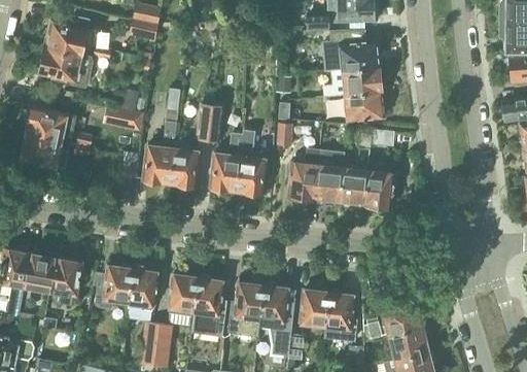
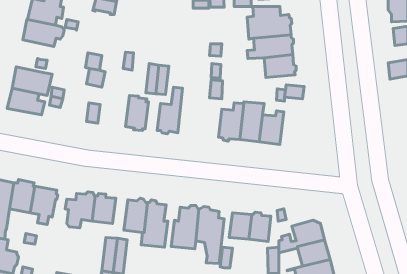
building: [145,122,177,182] -> none
building: [236,130,265,193] -> none
building: [364,163,397,208] -> none

